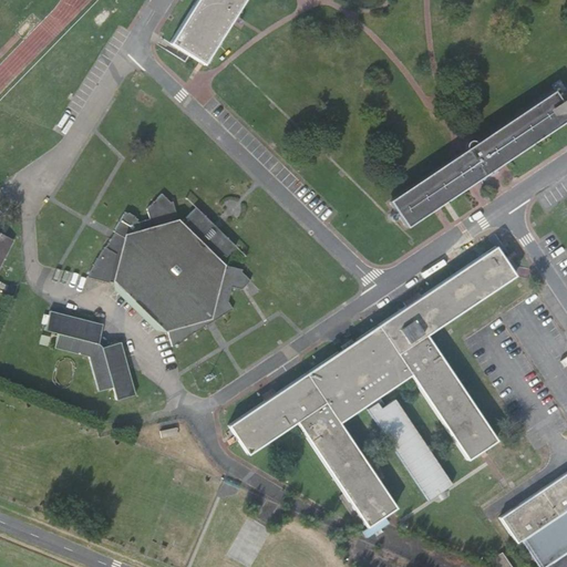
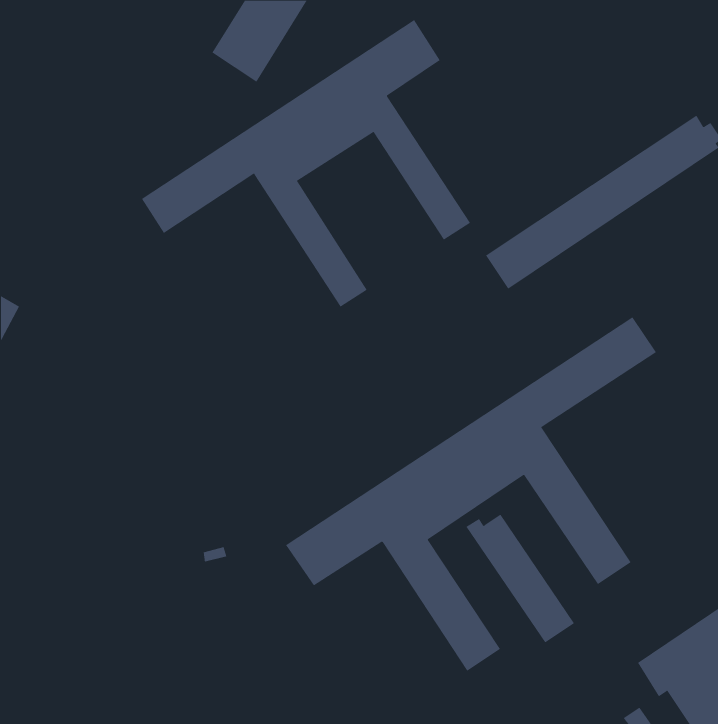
building: none -> [141,19,471,307]
building: [90,194,252,347] -> none
building: [45,311,136,399] -> none

